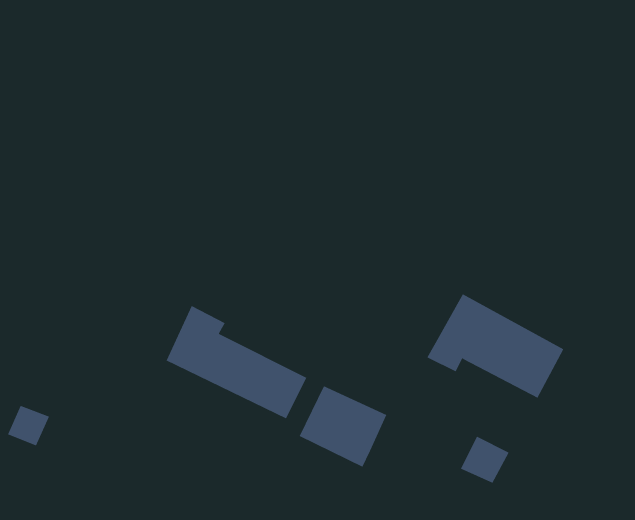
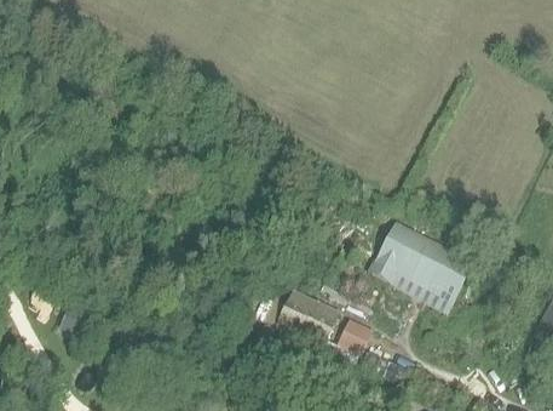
building: [166,305,307,419] -> none
building: [460,436,509,484] -> [338,318,374,353]

